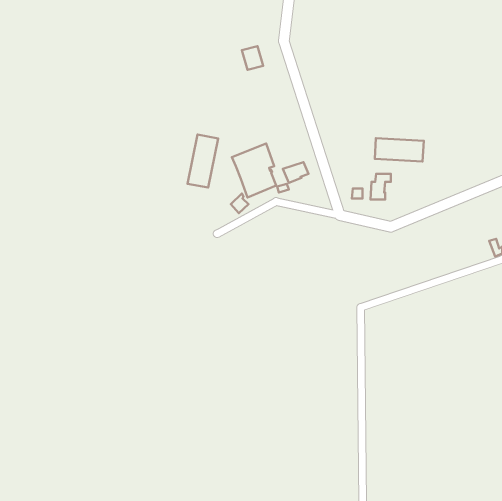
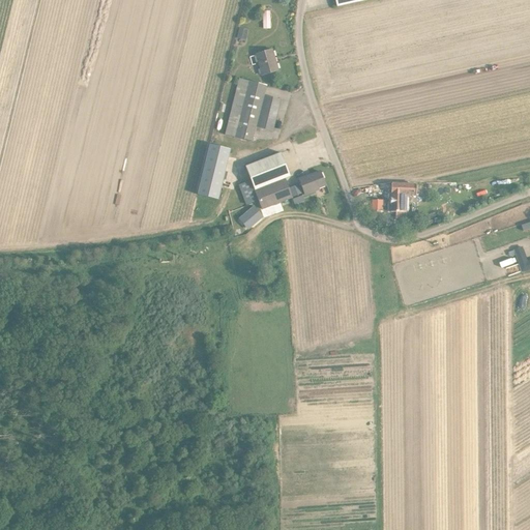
building: none -> [224,78,281,140]
building: [375,138,424,161] -> none

